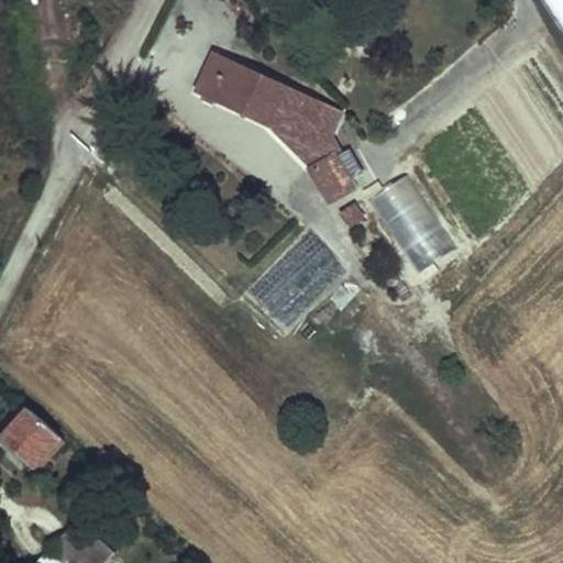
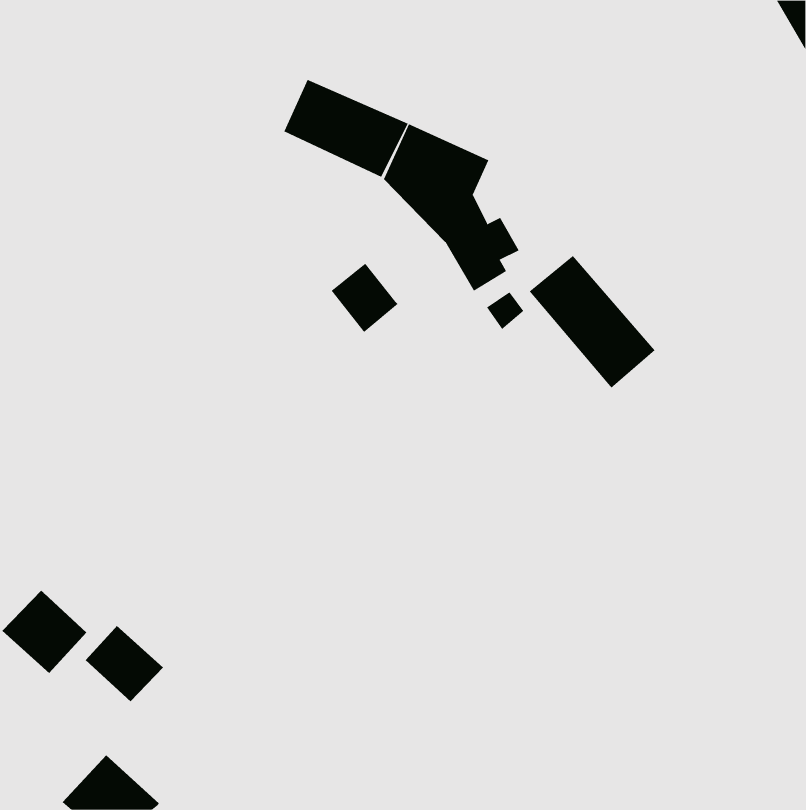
building: none -> [331,263,398,333]
building: none -> [85,625,164,702]

